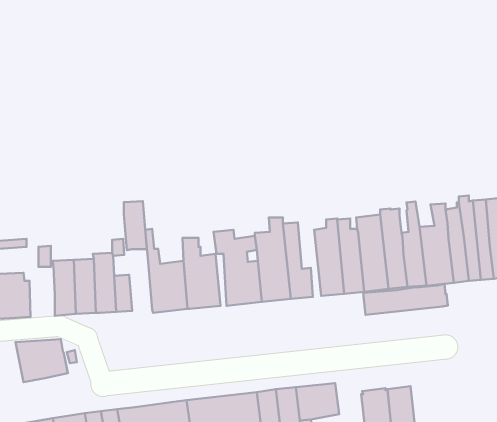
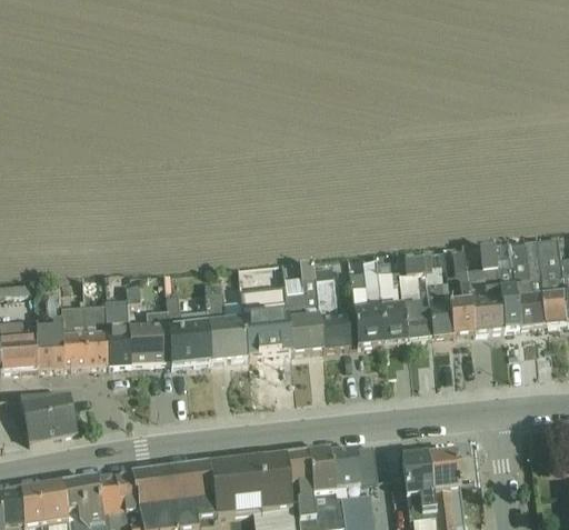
building: [124,201,147,250] -> [146,310,171,364]
building: none -> [36,321,63,371]
building: [363,284,448,315] -> none

